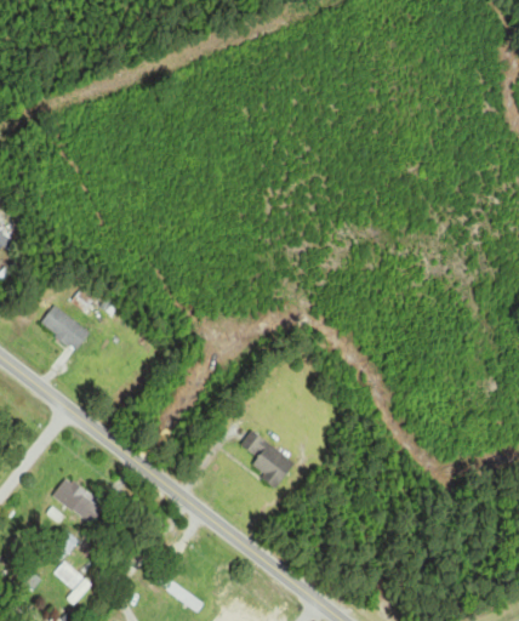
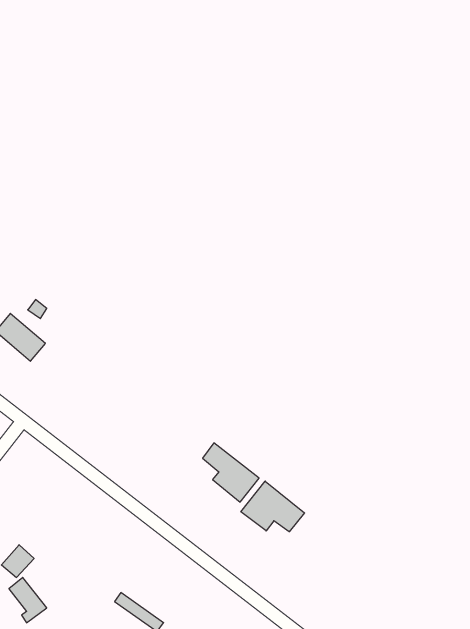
building: none -> [241,481,305,532]
building: [51,478,103,525] -> none

